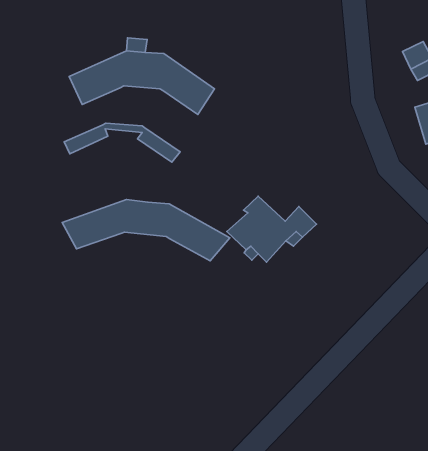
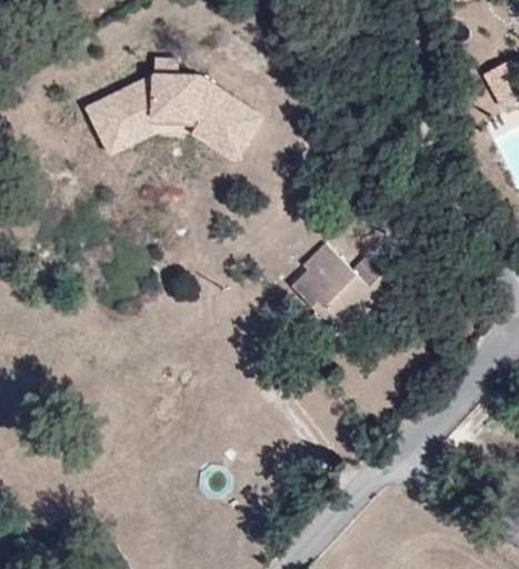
building: [64,123,180,162] -> [103,114,242,161]
building: [62,200,230,261] -> none

